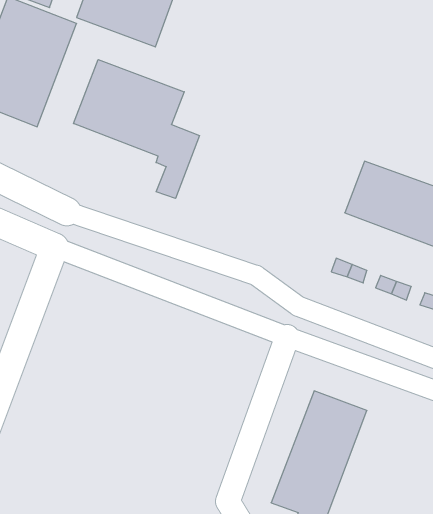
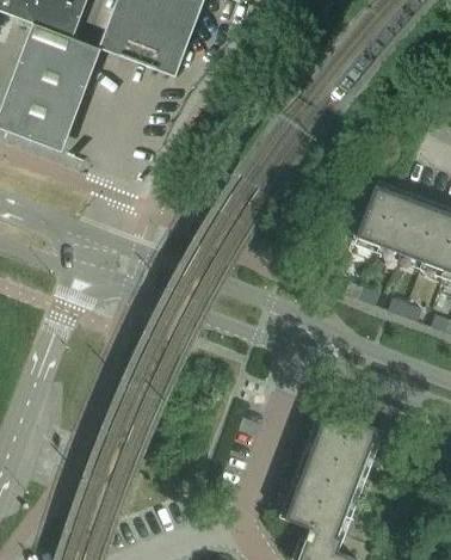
building: [74,60,199,198] -> none

